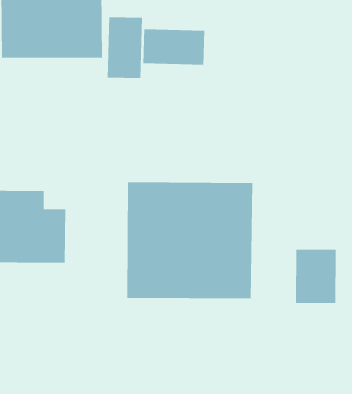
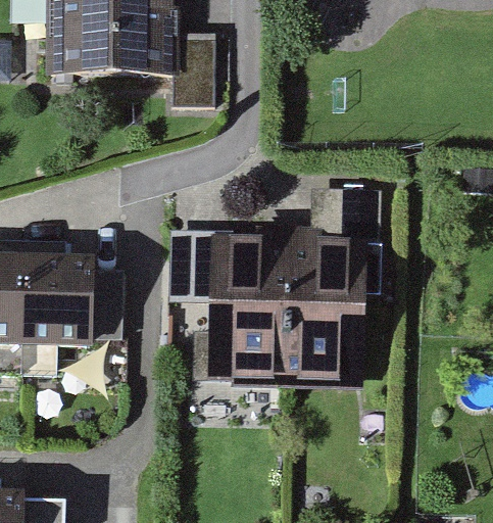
building: [143,29,205,66] -> none
building: [295,249,336,304] -> none

